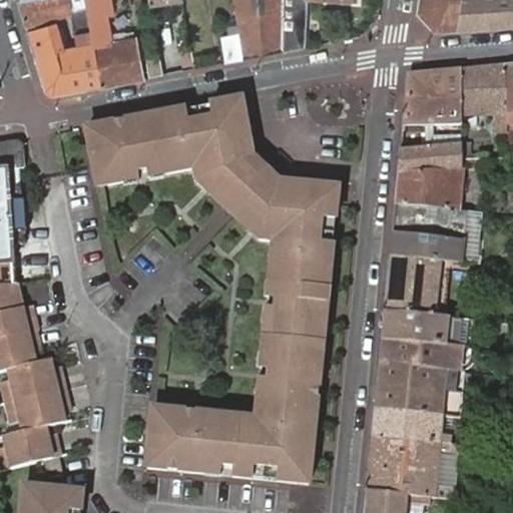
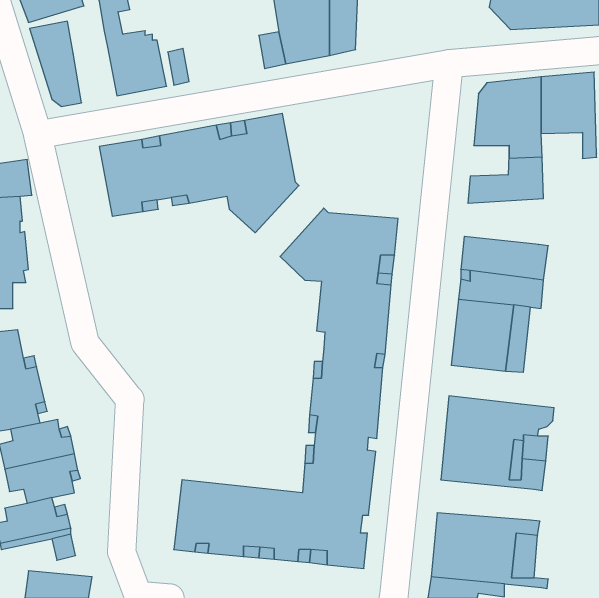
building: [62,25,99,87] -> none
building: [216,157,275,217] -> none
building: [394,168,461,207] -> none
building: [381,310,445,343] -> none
building: [371,407,453,441] -> none

